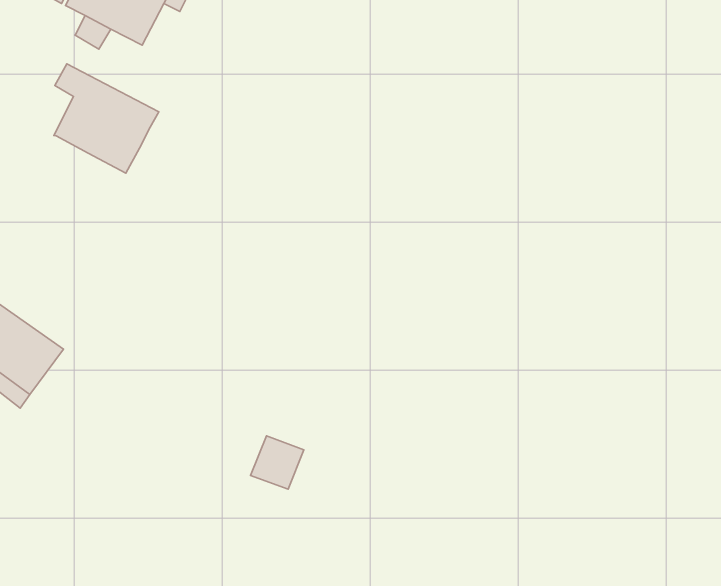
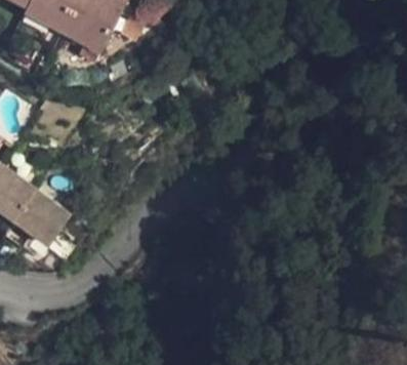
building: [54,64,159,173] -> none

